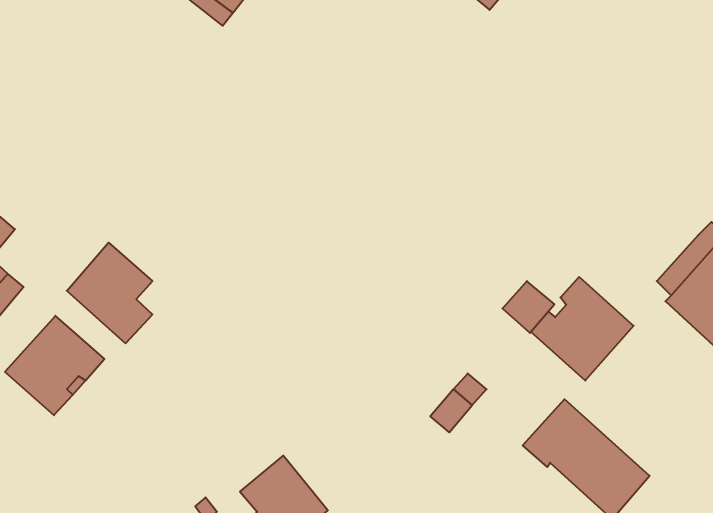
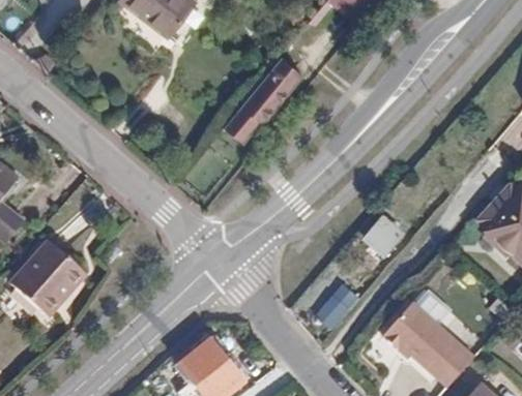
building: none -> [221,57,300,141]
building: [67,243,152,343] -> none
building: [531,277,634,381] -> none

